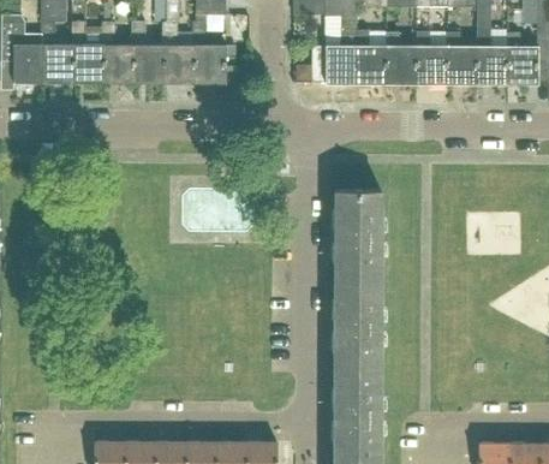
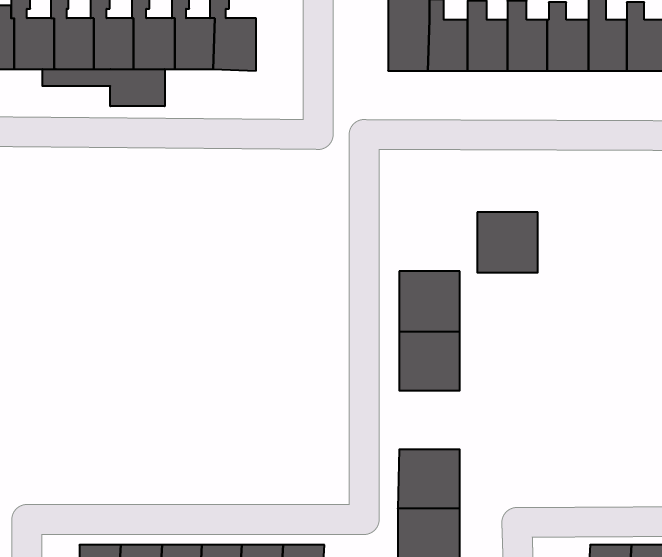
building: none -> [42,69,165,106]
building: [334,190,380,236] -> [477,212,538,273]
building: [334,326,380,370] -> none

